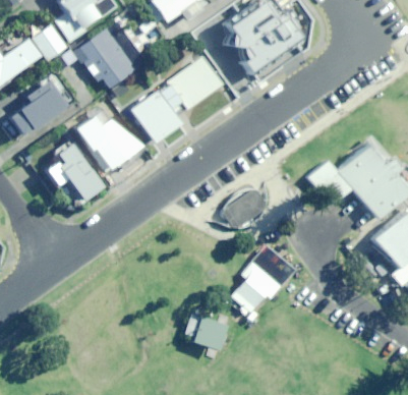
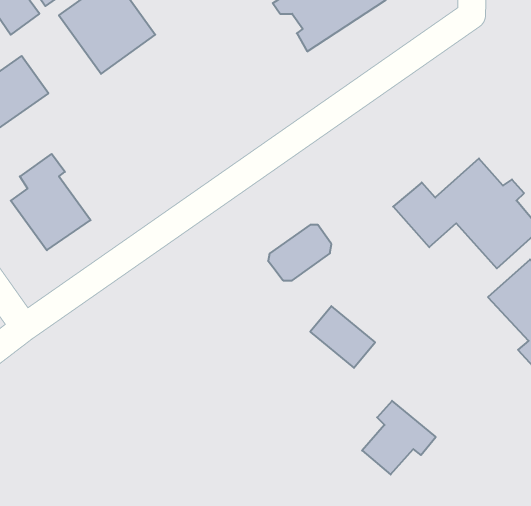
building: [128,57,222,144] -> none
building: [79,117,134,171] -> none
building: [229,262,279,312] -> [362,401,436,475]
building: [184,315,226,350] -> none

